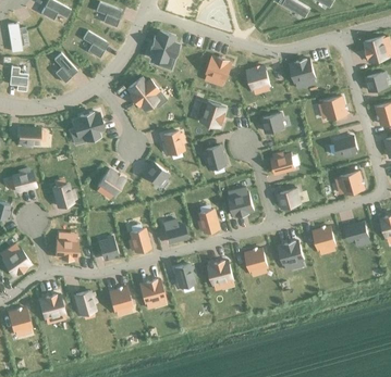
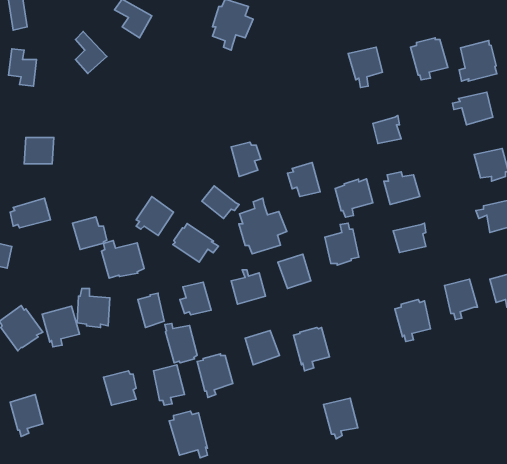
building: [205,55,231,81] -> none
building: none -> [459,41,497,81]
building: [126,76,160,109] -> none
building: [198,100,224,127] -> none
building: [70,111,103,140] -> none
building: none -> [335,179,373,217]
building: none -> [239,198,287,254]
building: none -> [173,224,219,262]
building: none -> [101,241,144,278]
building: [244,248,268,276] -> [324,398,358,439]
building: none -> [165,324,197,363]
building: [39,294,65,323] -> [42,306,79,347]
building: none -> [169,411,208,458]

